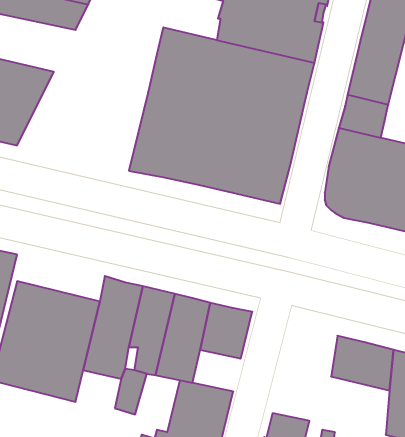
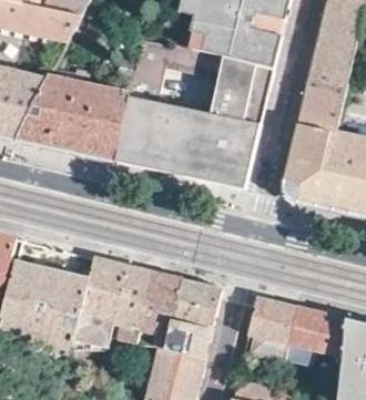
building: none -> [17,75,131,162]
building: none -> [248,296,296,359]
building: none -> [170,318,212,355]

